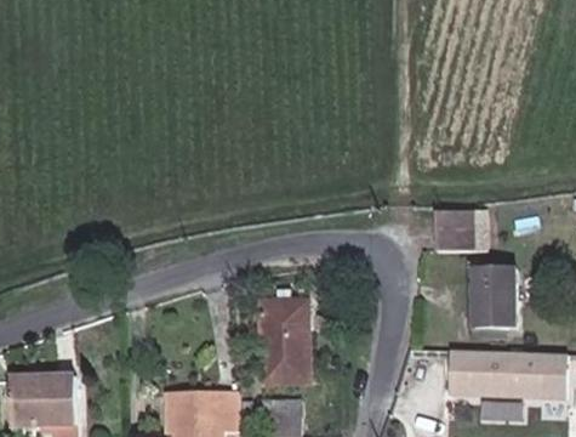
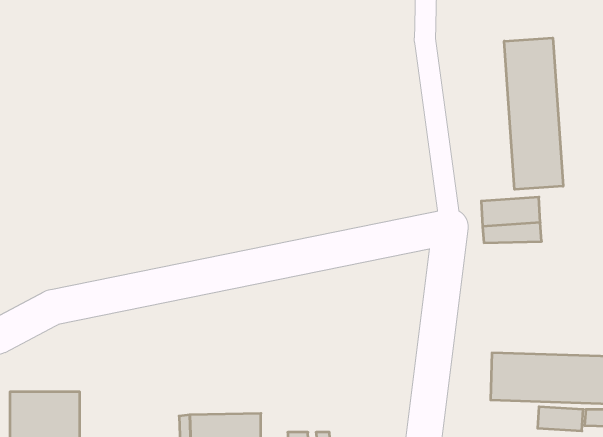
building: none -> [504,38,563,189]
building: [478,266,521,324] -> none
building: [261,290,307,385] -> none

